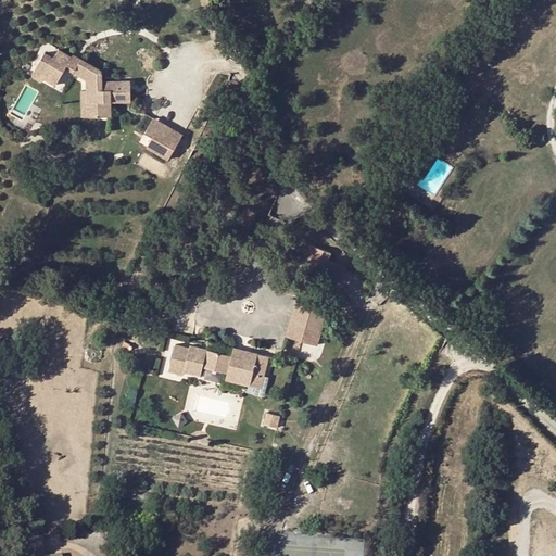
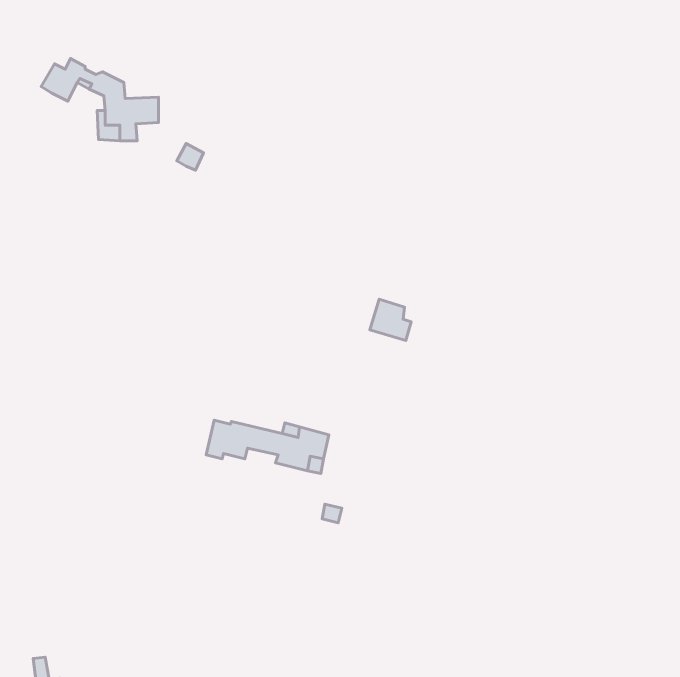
building: [146,127,182,162] -> none
building: [286,303,327,346] -> none

